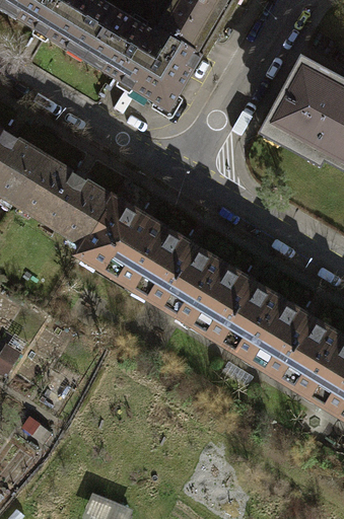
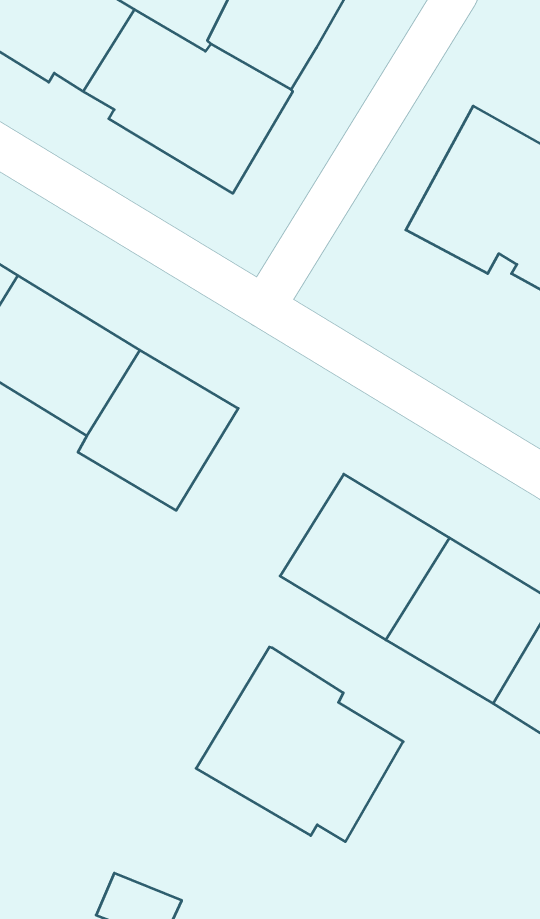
building: [134,228,227,321] -> none
building: none -> [196,647,403,842]

